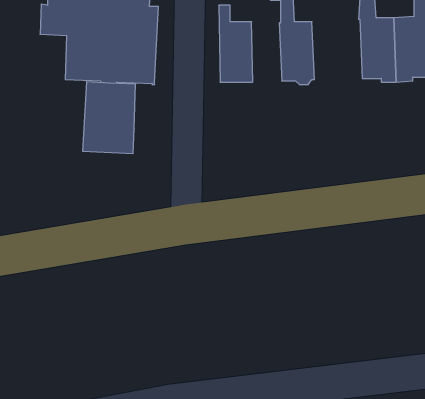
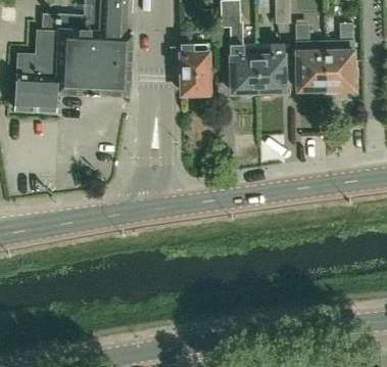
building: none -> [256,43,285,95]
building: [83,82,136,154] -> [14,53,57,111]

